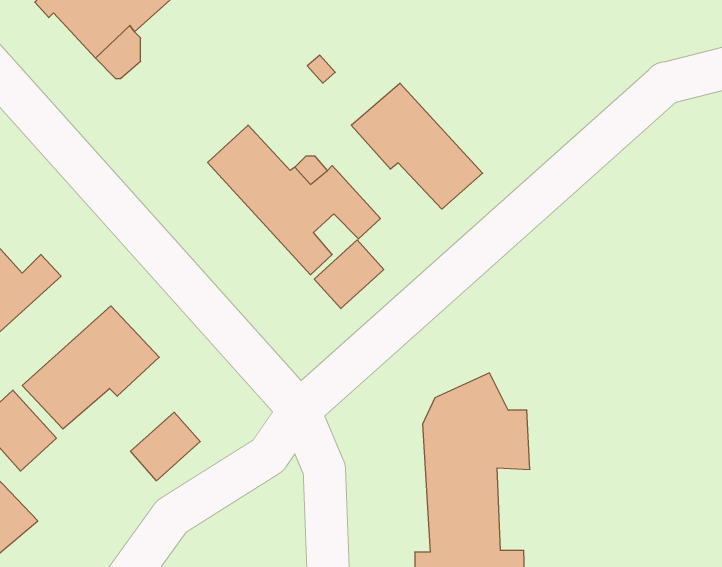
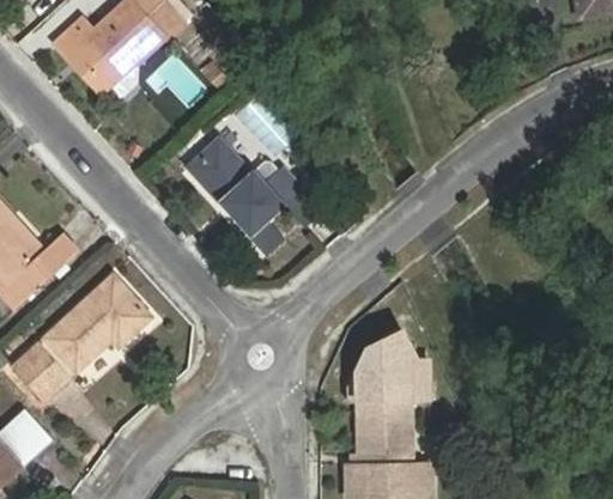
building: [351,83,483,209] -> none
building: [314,240,384,309] -> none
building: [131,412,200,481] -> none

